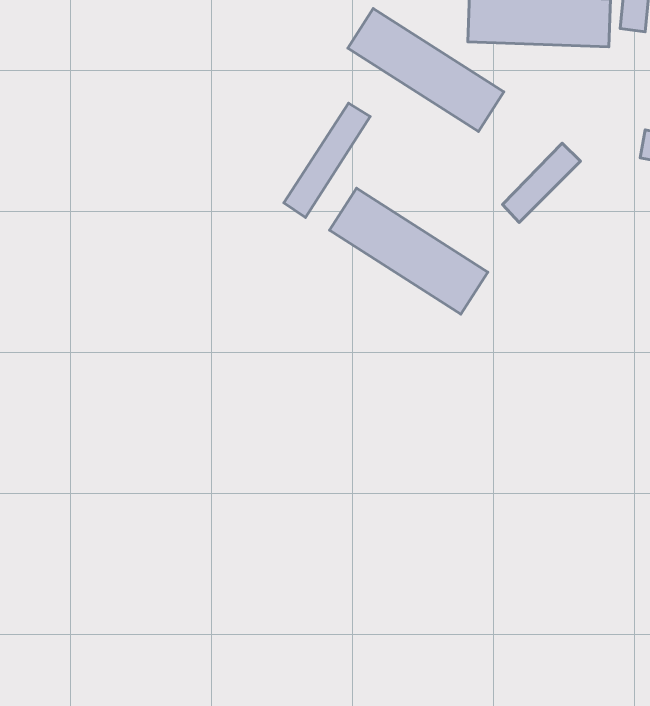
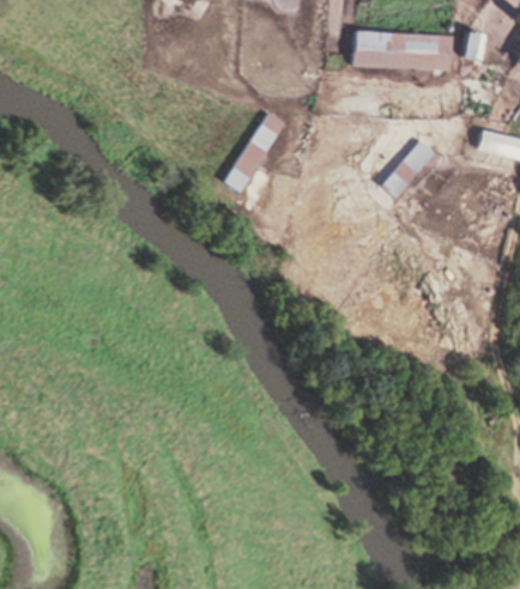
building: [348,8,504,132] -> none
building: [329,188,488,314] -> none

